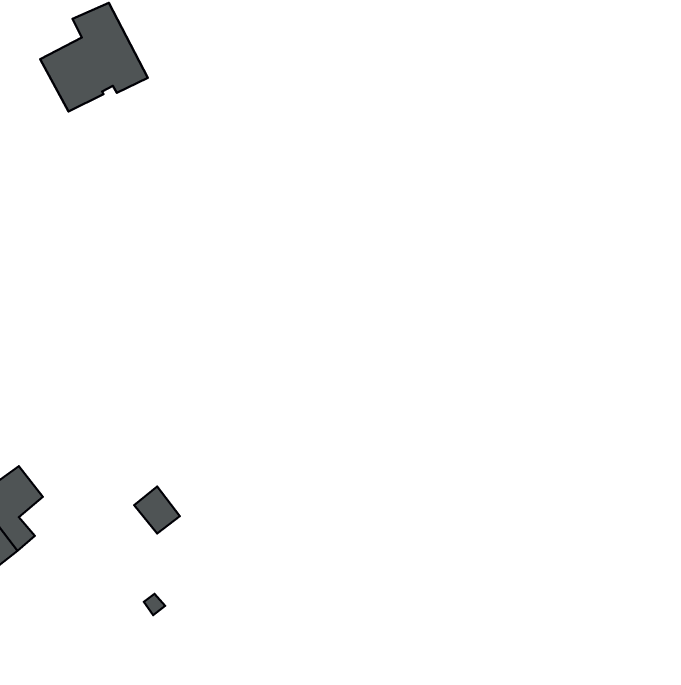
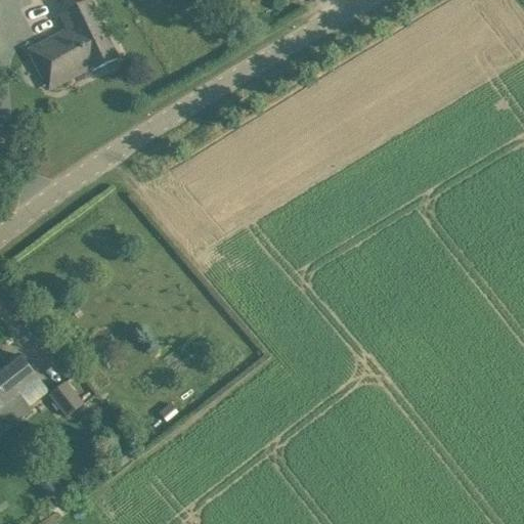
building: [134,486,180,534] -> [46,383,81,419]

